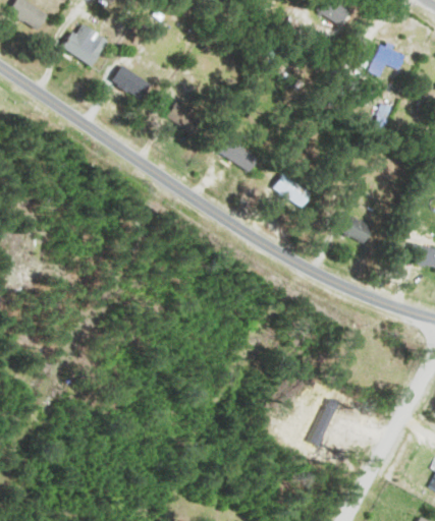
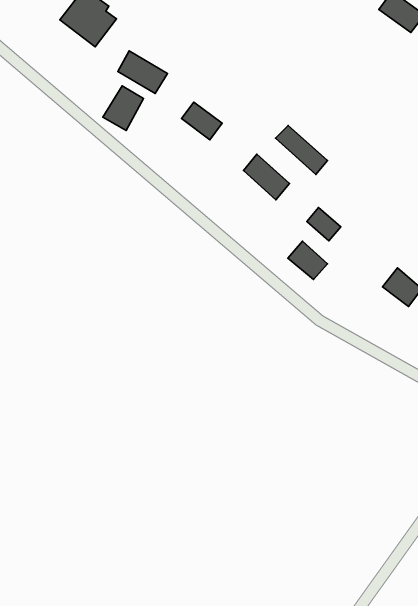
building: none -> [103,86,143,131]
building: none -> [276,125,327,175]
building: none -> [288,241,328,279]

